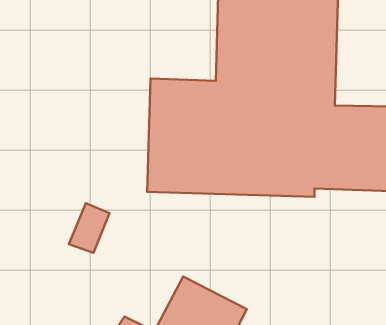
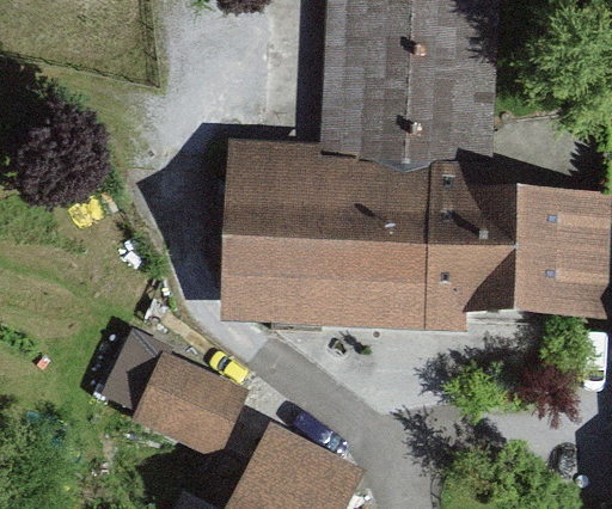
building: none -> [136,357,243,458]

